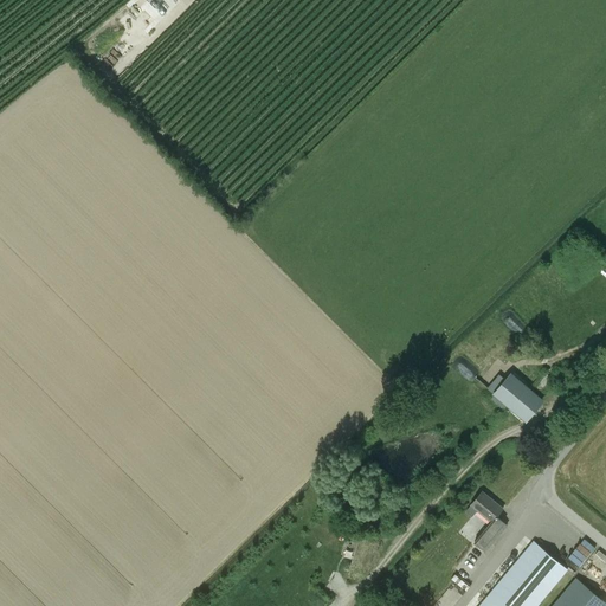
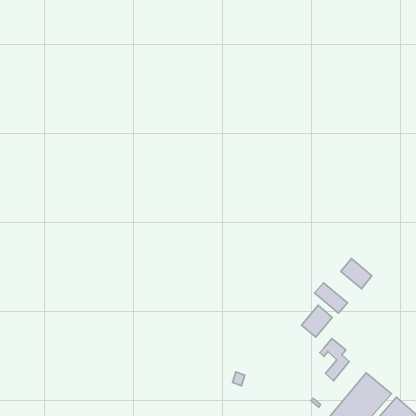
building: none -> [315,283,347,313]
building: none -> [302,305,332,337]

